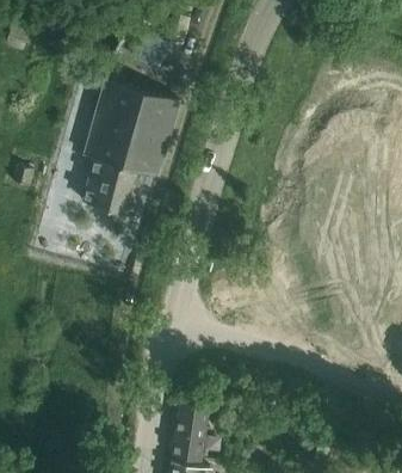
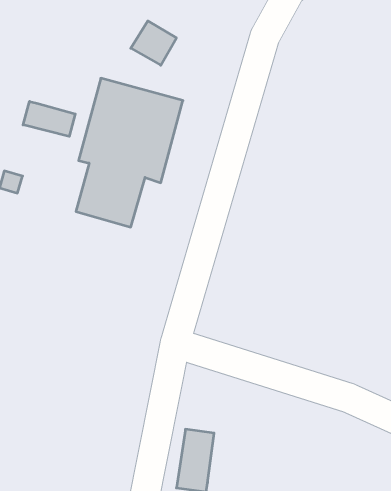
building: none -> [23,101,75,136]

